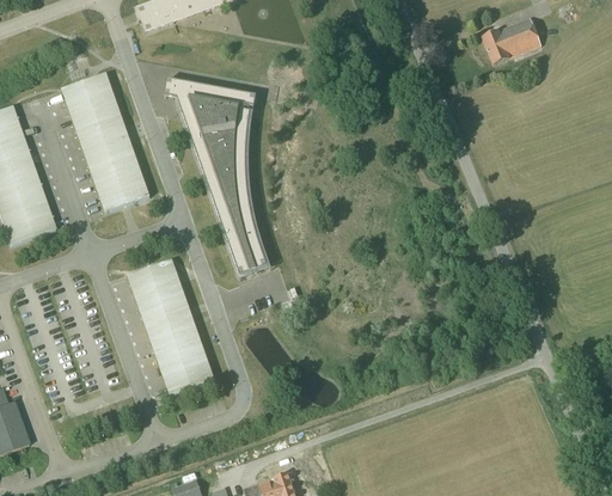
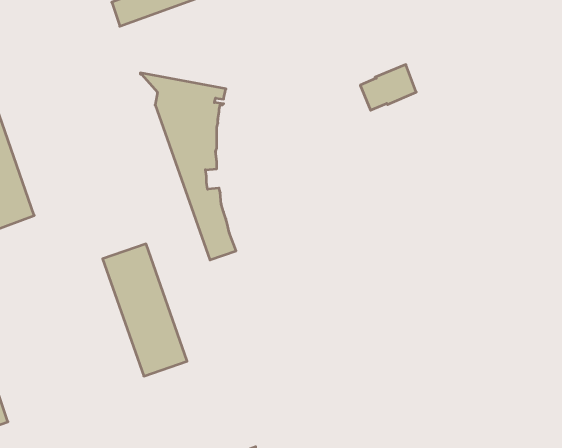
building: [482,16,540,63] -> [360,65,416,110]
building: [61,72,149,212] -> none

